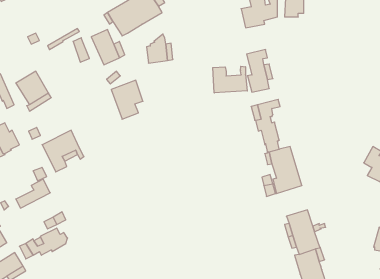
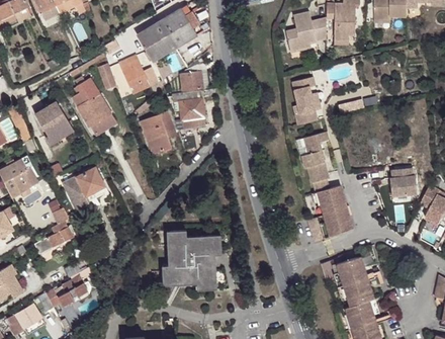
building: none -> [72,77,117,138]
building: none -> [172,91,206,130]
building: [213,66,247,93] -> none
building: none -> [391,169,419,197]
building: none -> [162,231,221,290]

